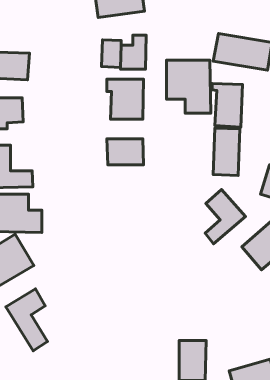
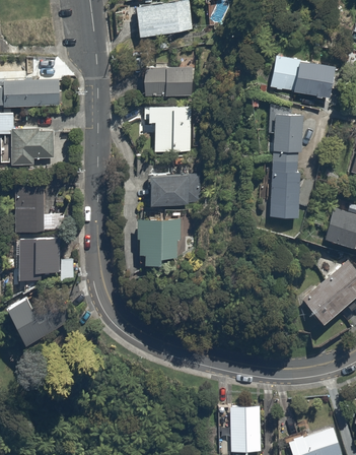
building: [166,60,211,113] -> none
building: none -> [137,217,184,266]
building: [205,190,246,244] -> none
building: [6,289,48,351] -> none

